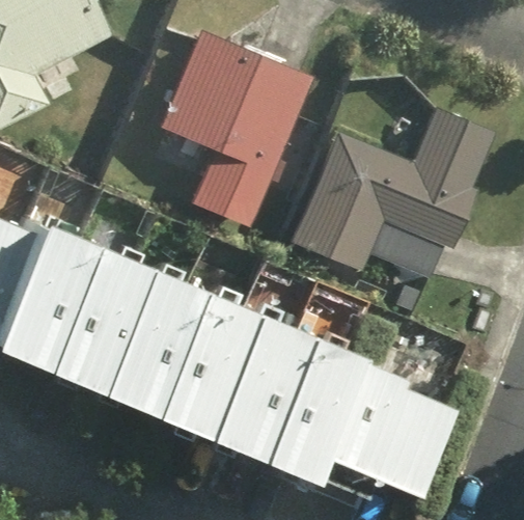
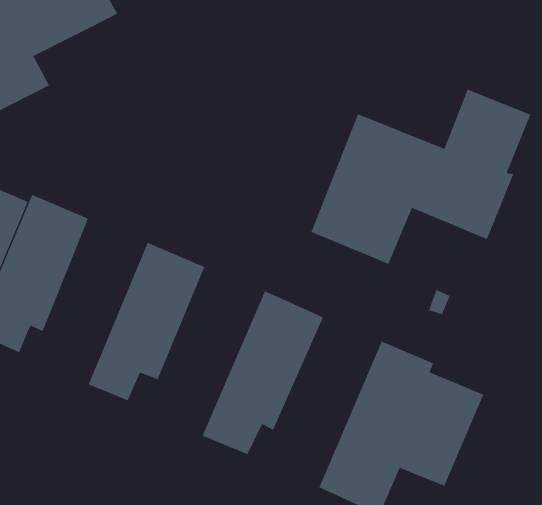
building: [160,29,310,220] -> none
building: [40,225,137,379] -> none
building: [147,270,246,427] -> none
building: [254,317,354,474] -> none

